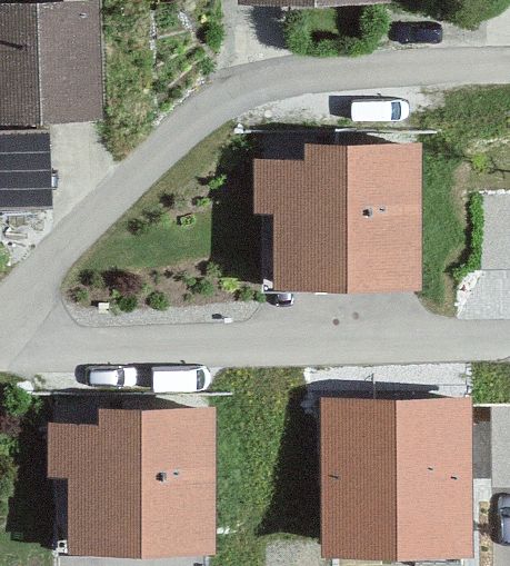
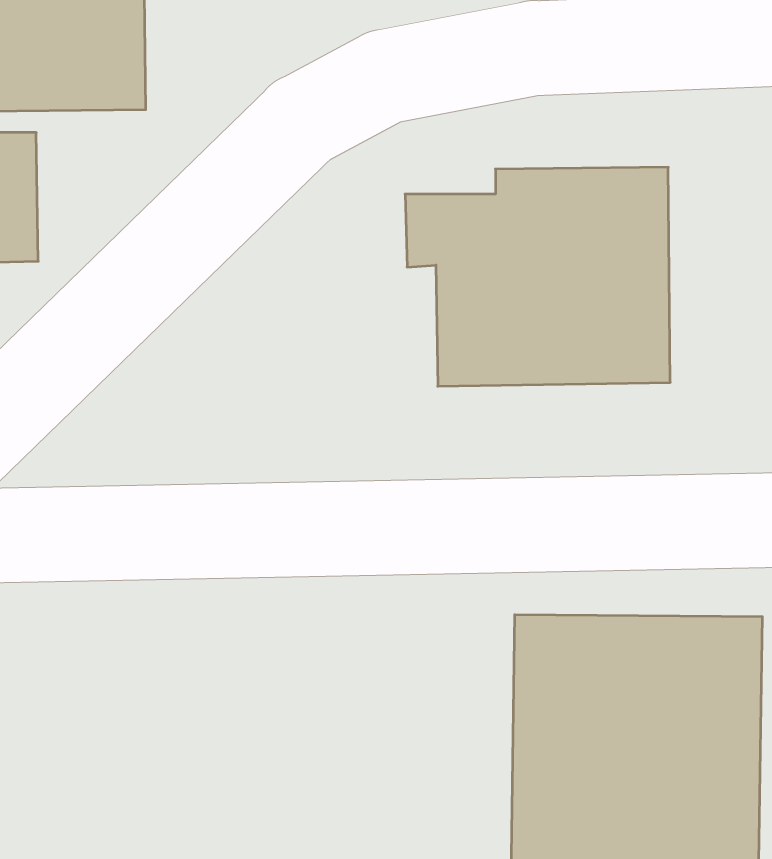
building: [56,409,209,536] -> none

